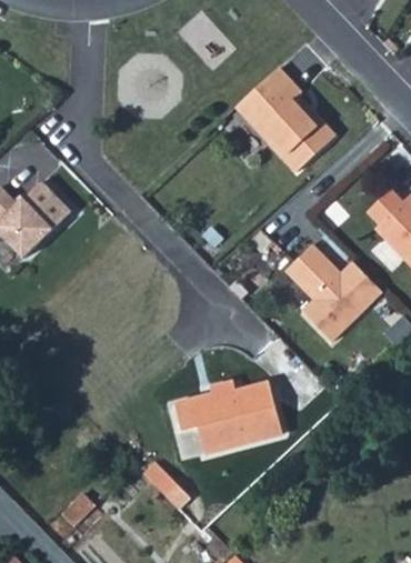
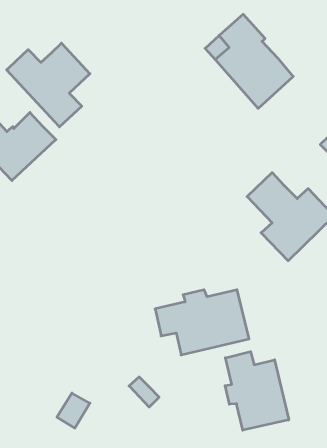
building: none -> [7,43,90,127]
building: none -> [225,352,289,430]

